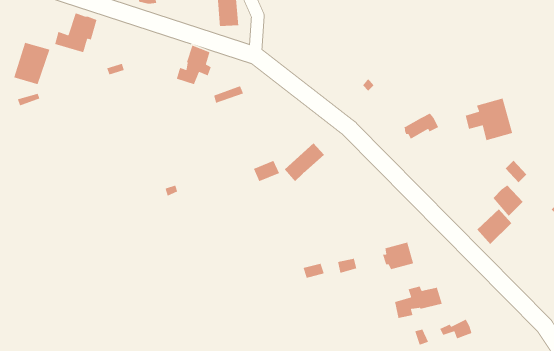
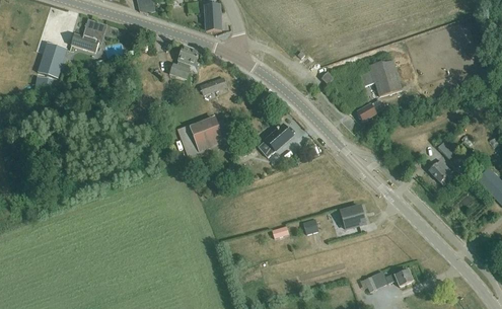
building: [465,98,513,141] -> [361,59,401,94]
building: none -> [177,117,233,159]
building: [476,209,512,245] -> none
building: [394,285,443,319] -> none

